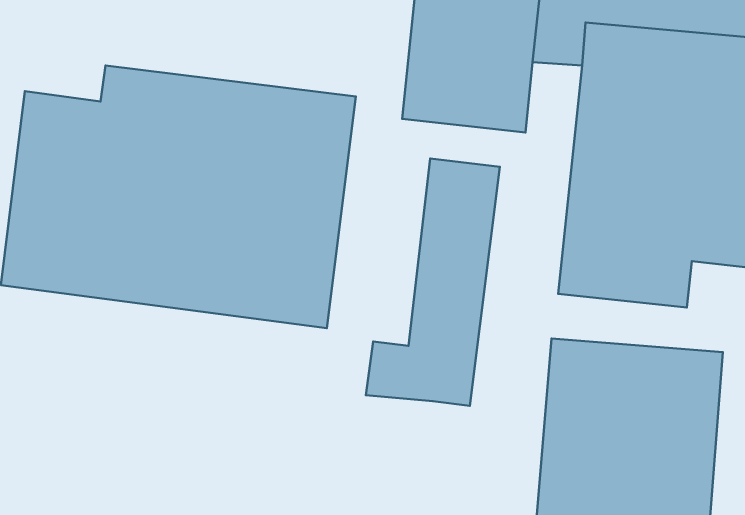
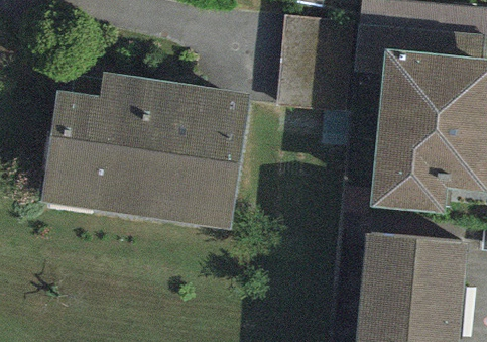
building: [366,158,500,406] -> none

